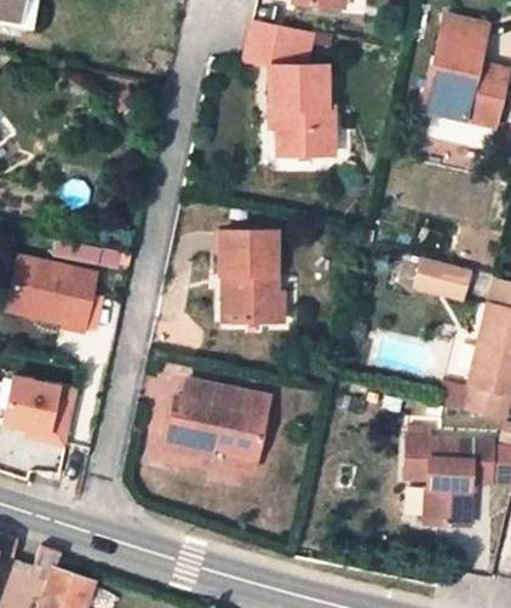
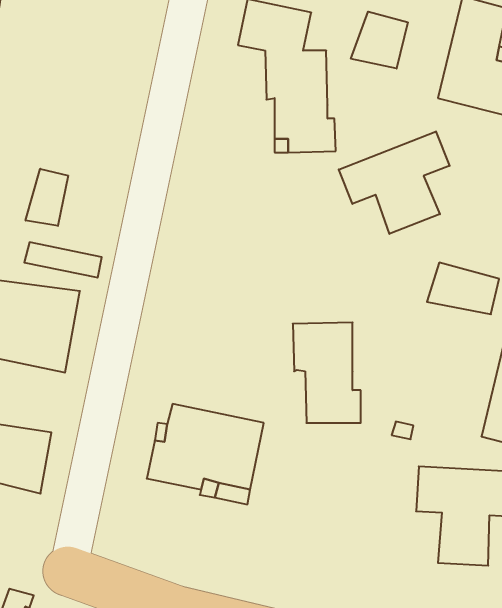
building: none -> [351,12,408,69]
building: none -> [339,131,450,234]
building: none -> [26,169,68,226]
building: [219,230,280,320] -> [293,322,361,423]

